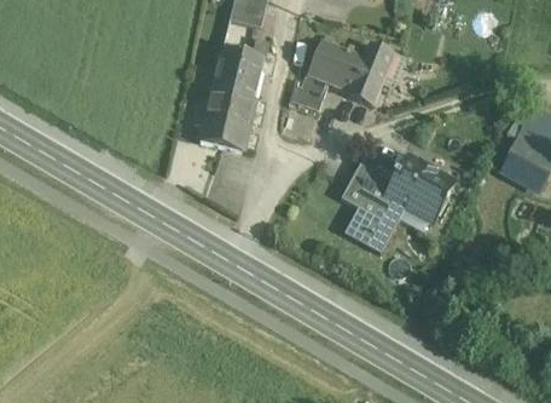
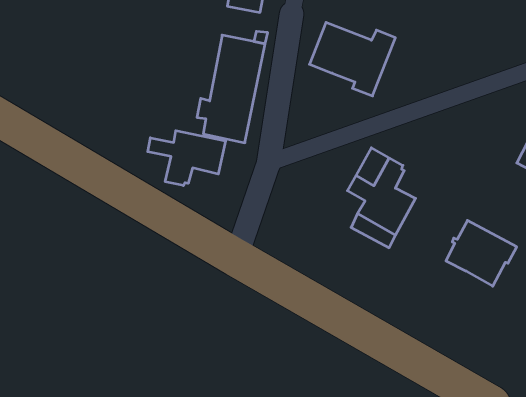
building: [291,76,327,110] -> none
building: none -> [148,131,226,186]
building: [388,156,456,219] -> [446,220,517,286]

